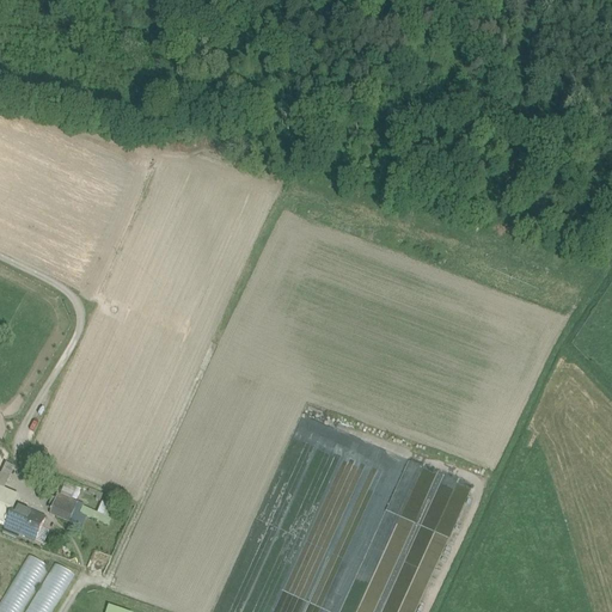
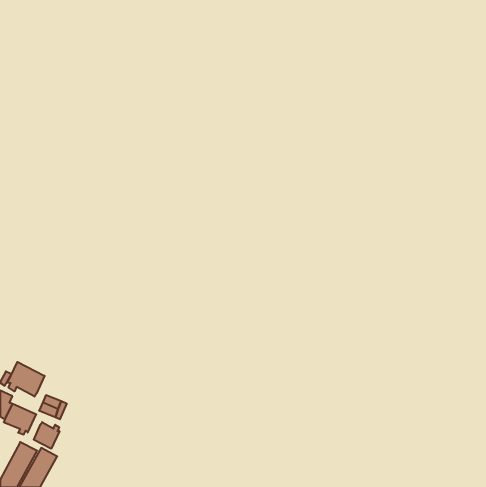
building: none -> [7,362,45,397]
building: none -> [34,422,59,449]

